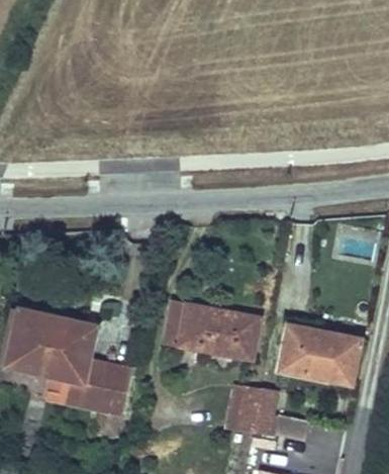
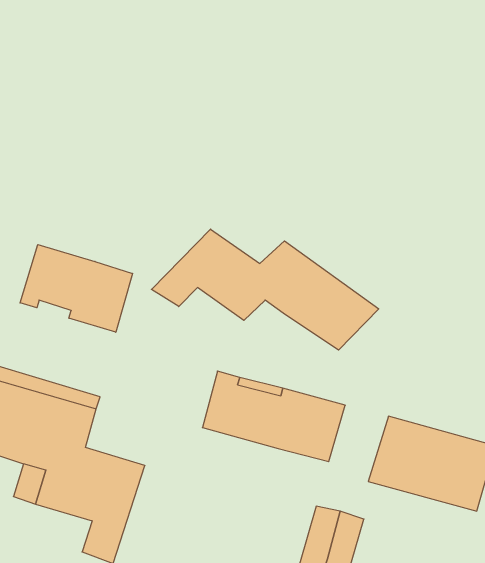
building: none -> [151,229,379,350]
building: none -> [20,245,133,332]

